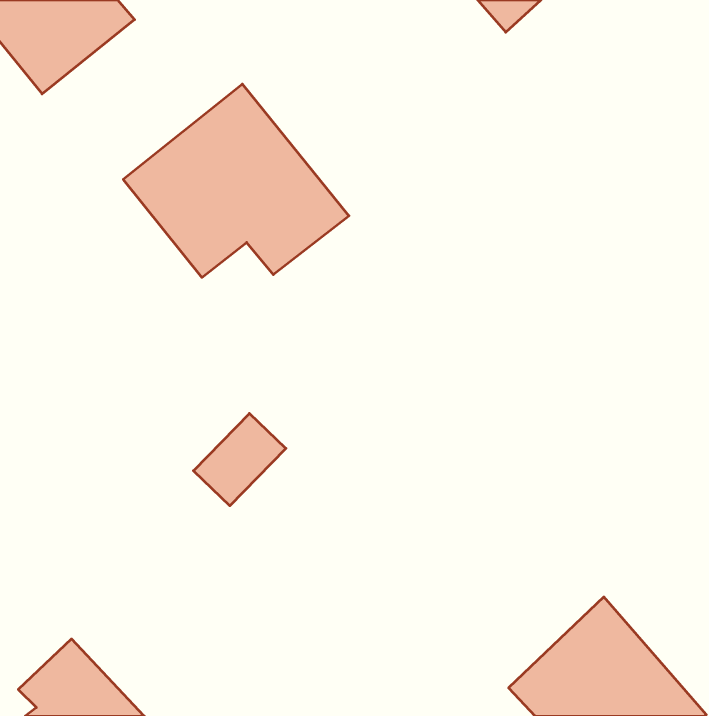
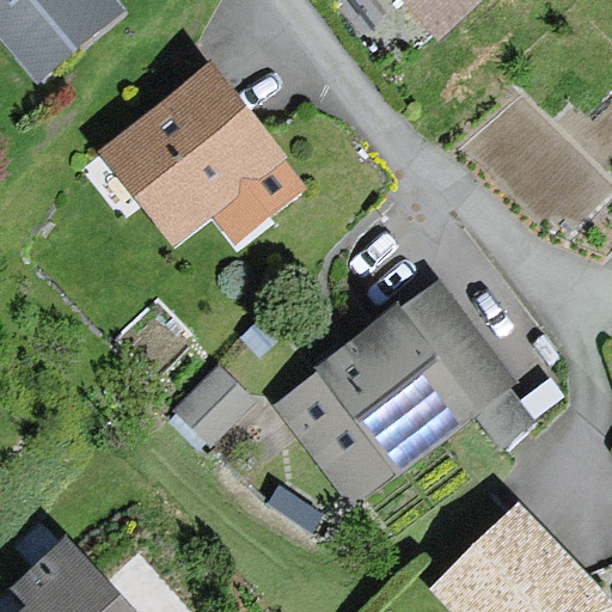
building: none -> [280,290,497,495]

